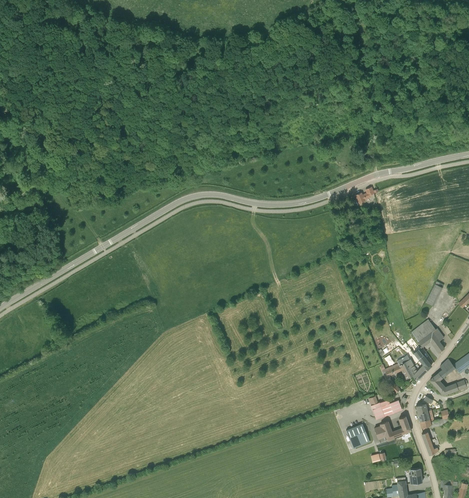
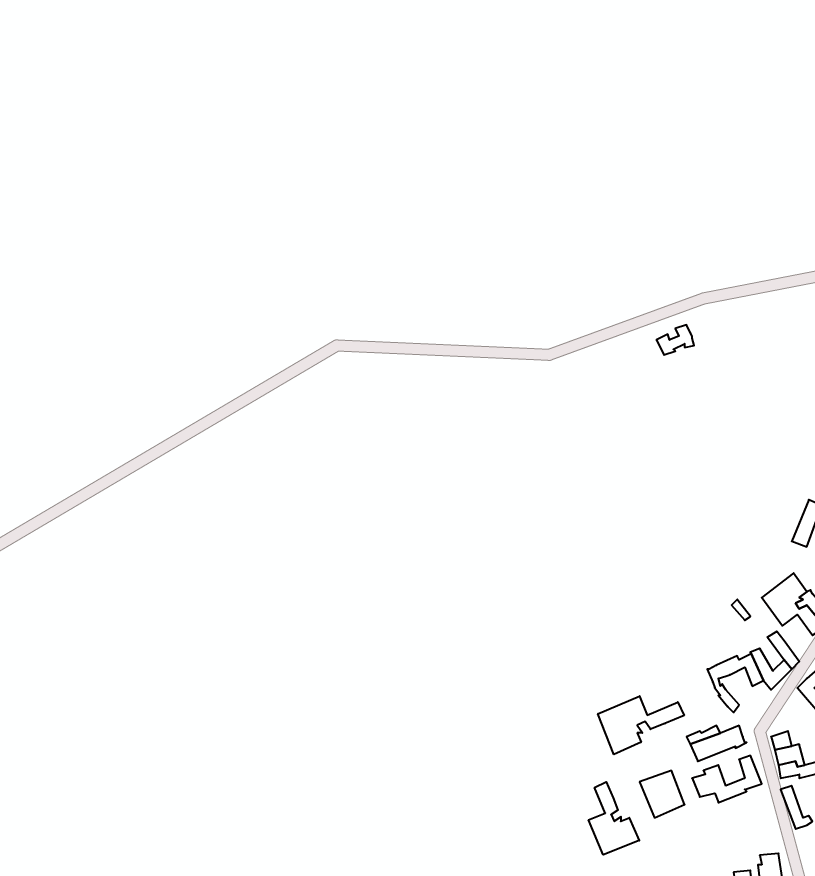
building: none -> [598,696,684,754]
building: none -> [589,782,639,855]

